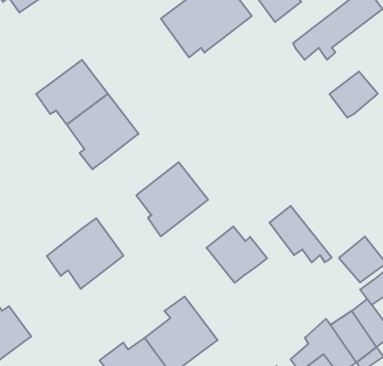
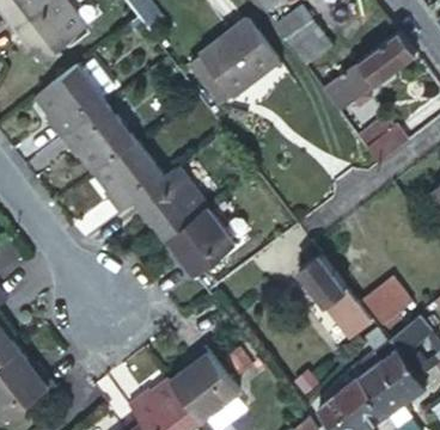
building: none -> [42,72,108,139]
building: [47,218,123,289] -> [128,170,206,241]
building: [206,226,267,283] -> none

